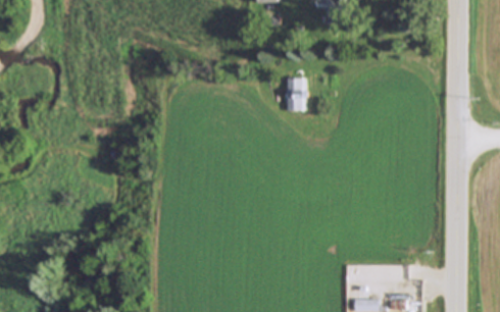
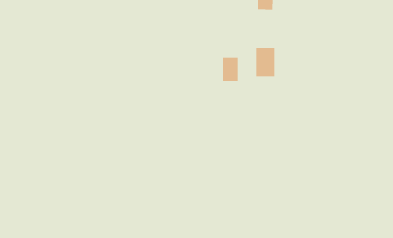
building: none -> [255,47,275,77]

